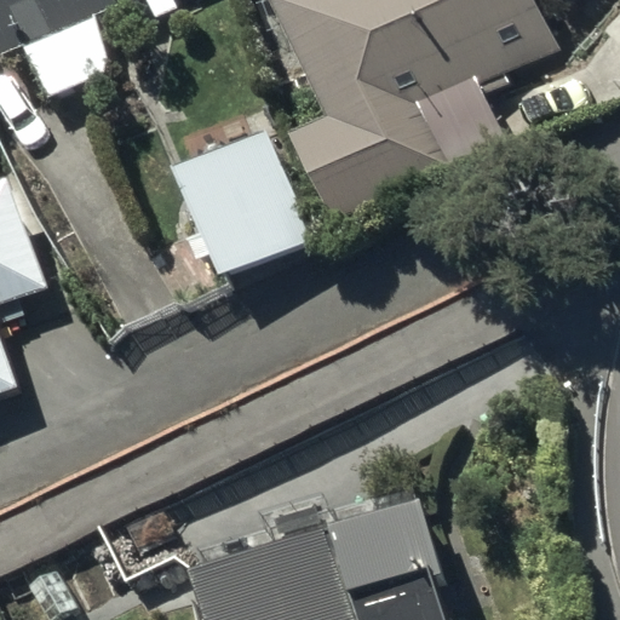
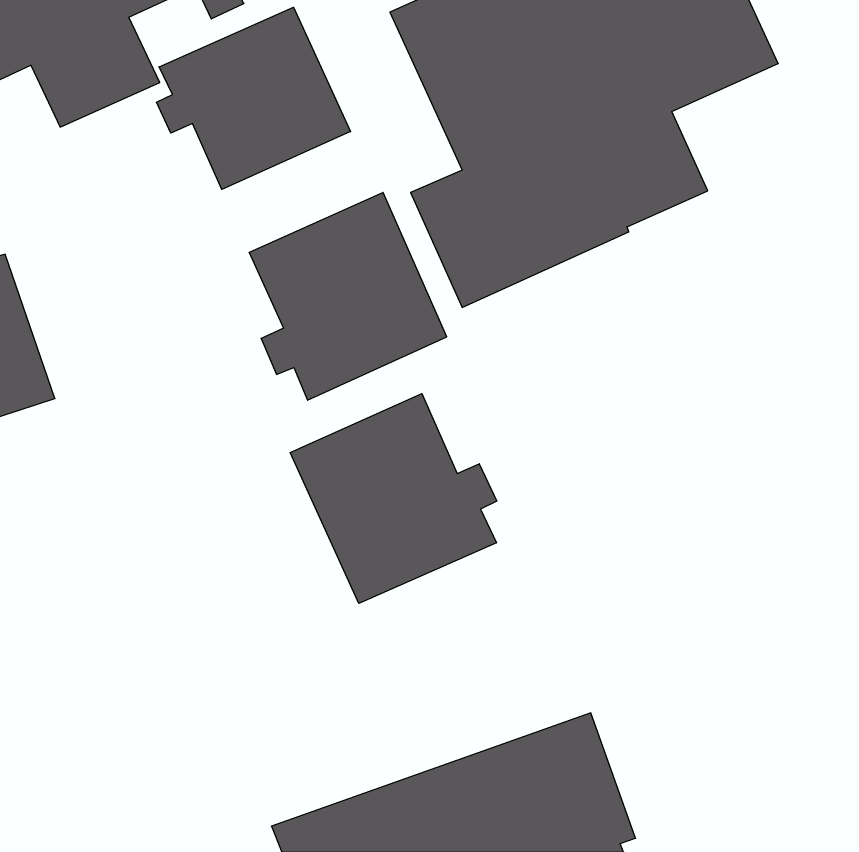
building: none -> [156,7,351,189]
building: none -> [290,394,497,603]

